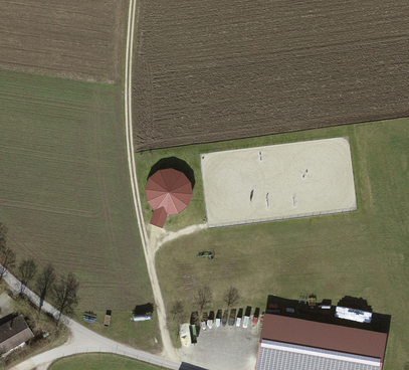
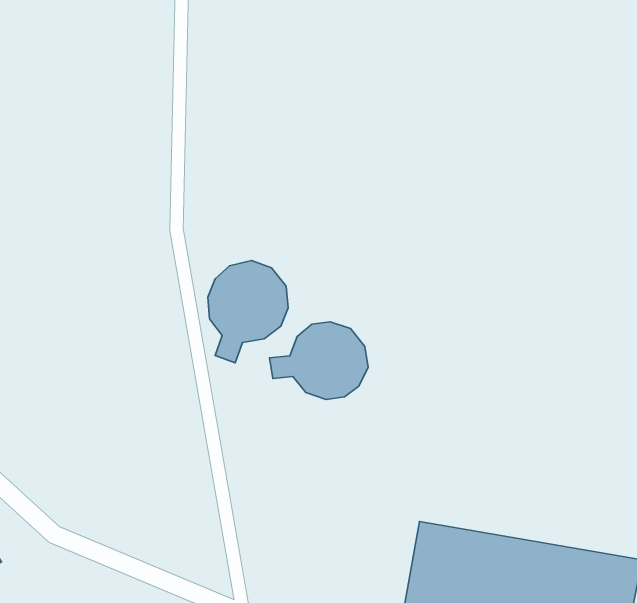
building: none -> [270,322,368,399]

